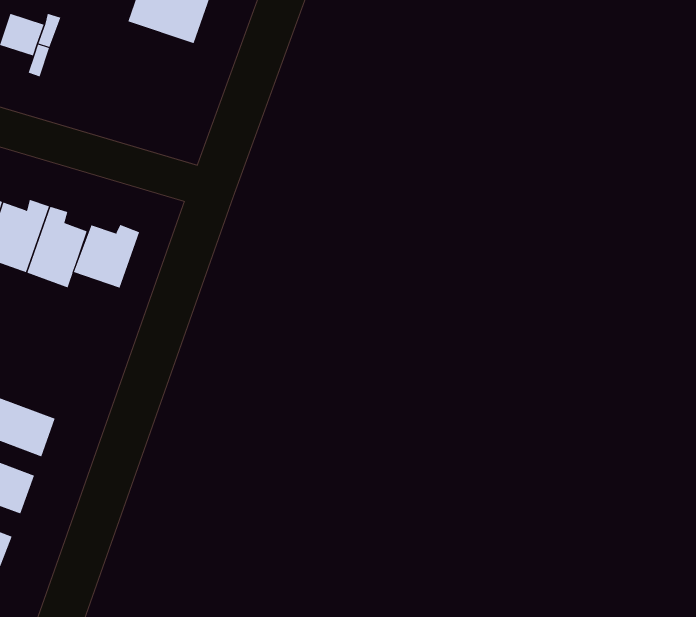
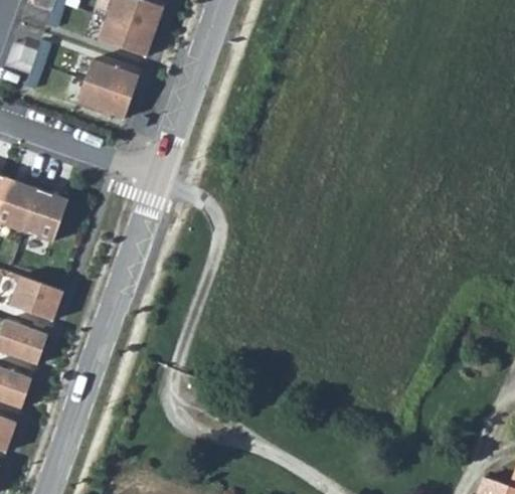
building: none -> [76,65,139,125]
building: [73,224,140,288] -> none
building: none -> [9,276,61,319]

